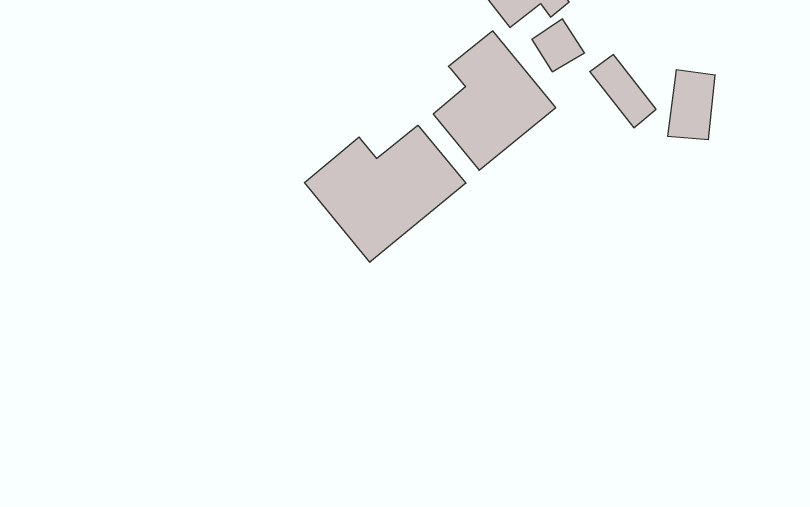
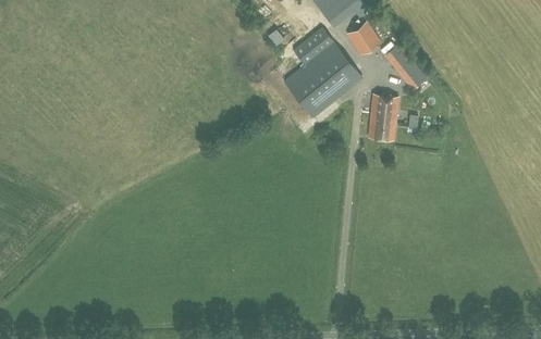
building: [668,70,715,140] -> [367,95,397,139]
building: [304,125,466,262] -> none

